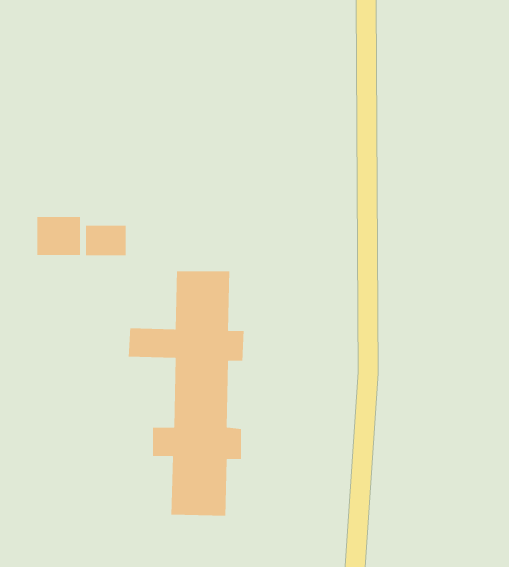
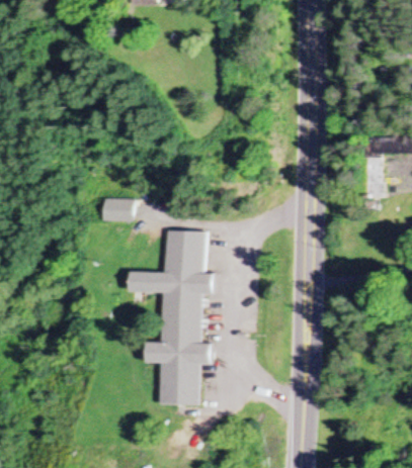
building: [37,216,81,256] -> none

